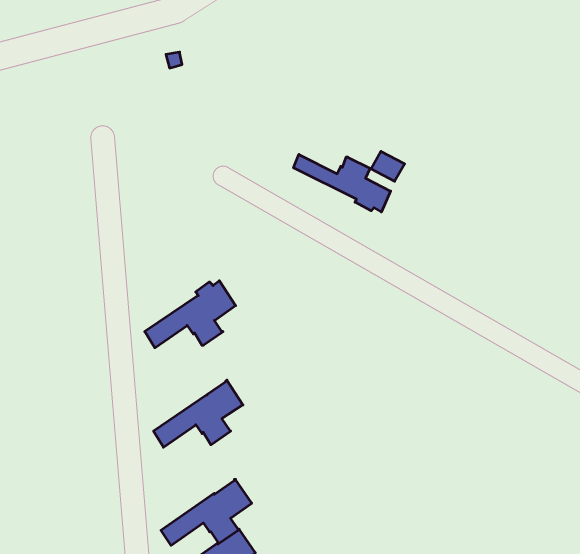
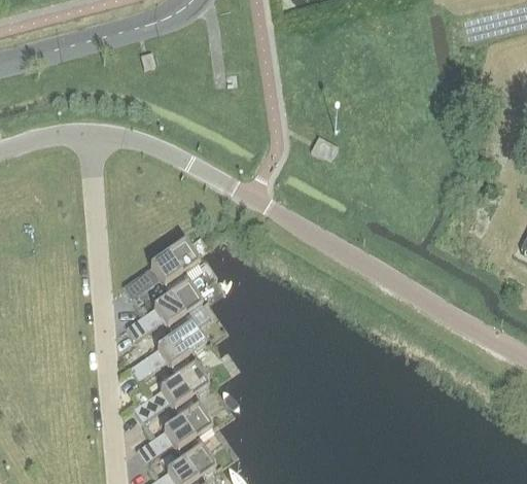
building: [294,154,391,212] -> none
building: none -> [128,282,203,338]
building: none -> [135,365,210,419]

